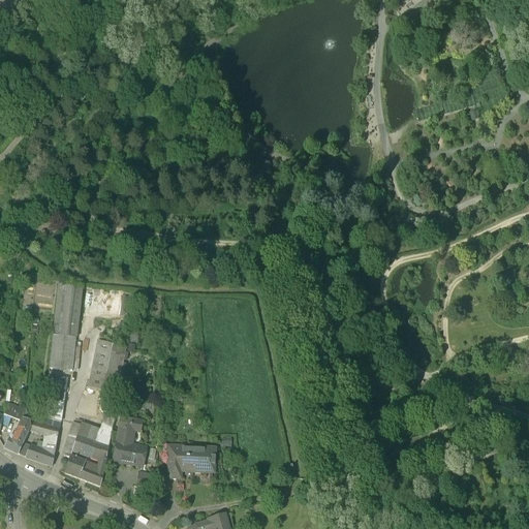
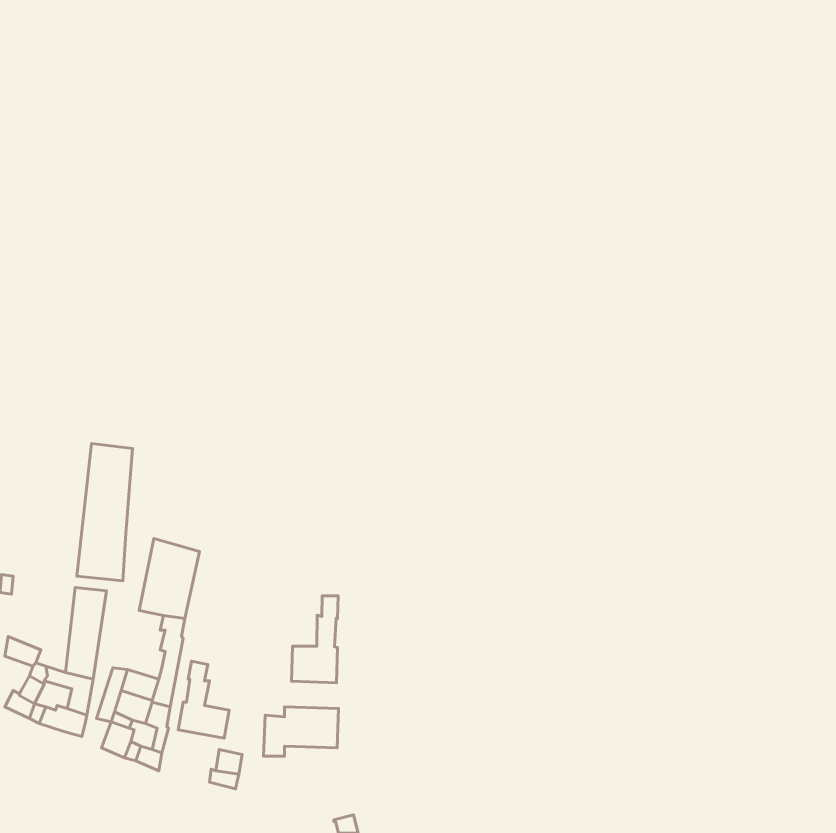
building: none -> [291,596,338,683]

